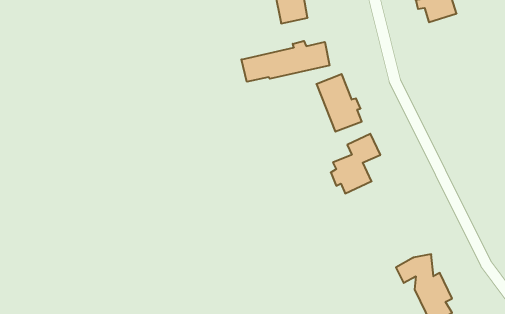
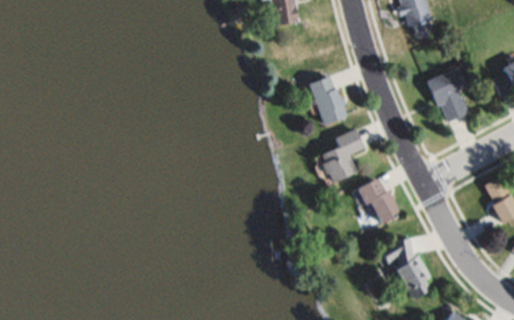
building: [241,41,330,82] -> none
building: none -> [427,71,469,123]
building: none -> [355,178,400,225]

